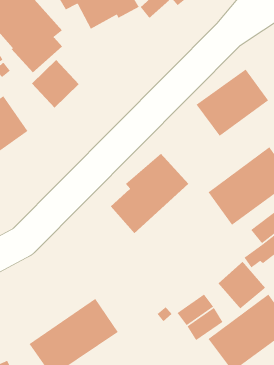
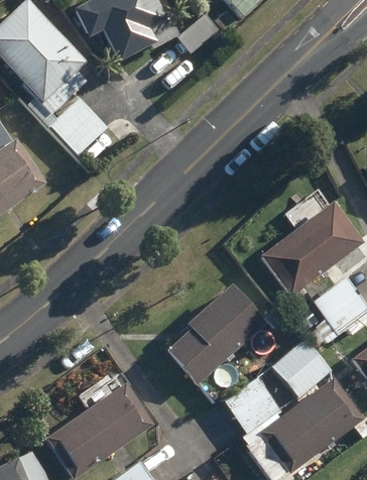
building: [196,69,269,137] -> none
building: [110,153,189,234] -> [170,285,266,383]

